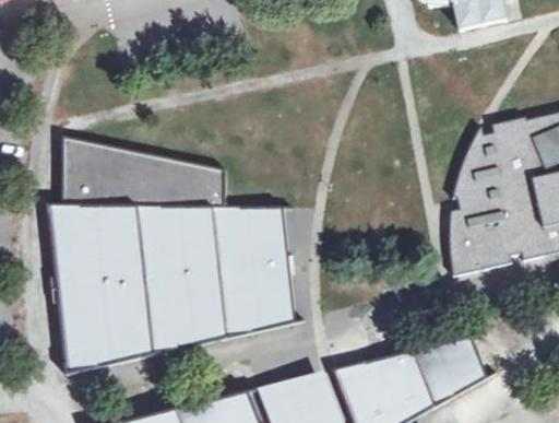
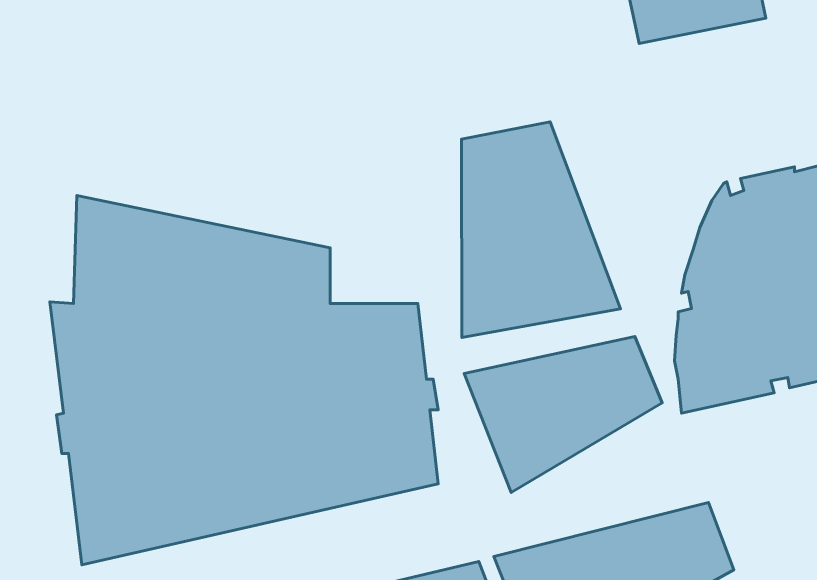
building: none -> [462,122,620,338]
building: none -> [464,337,662,492]

